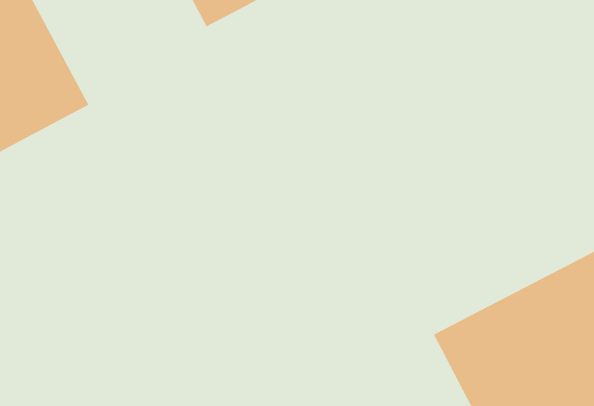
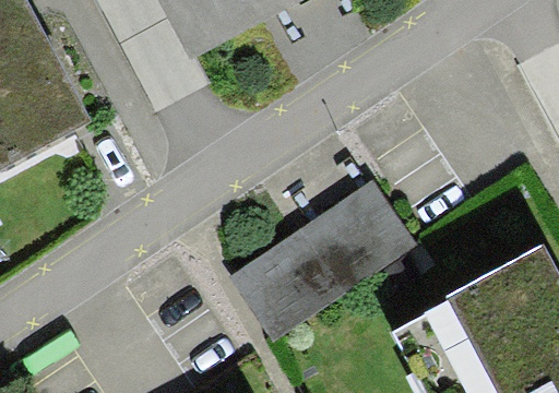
building: none -> [231,178,417,337]

